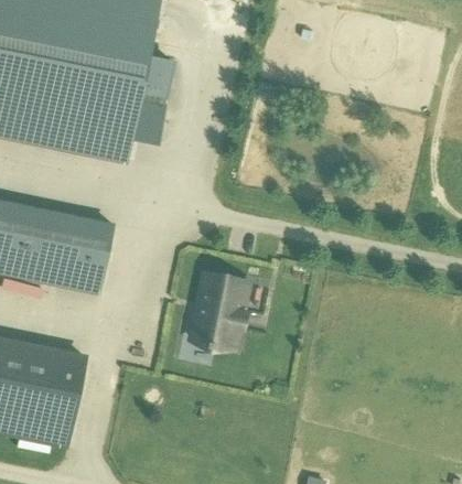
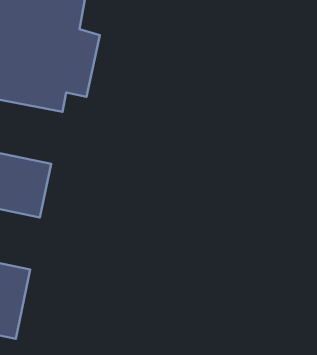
building: [198,275,248,348] -> none

